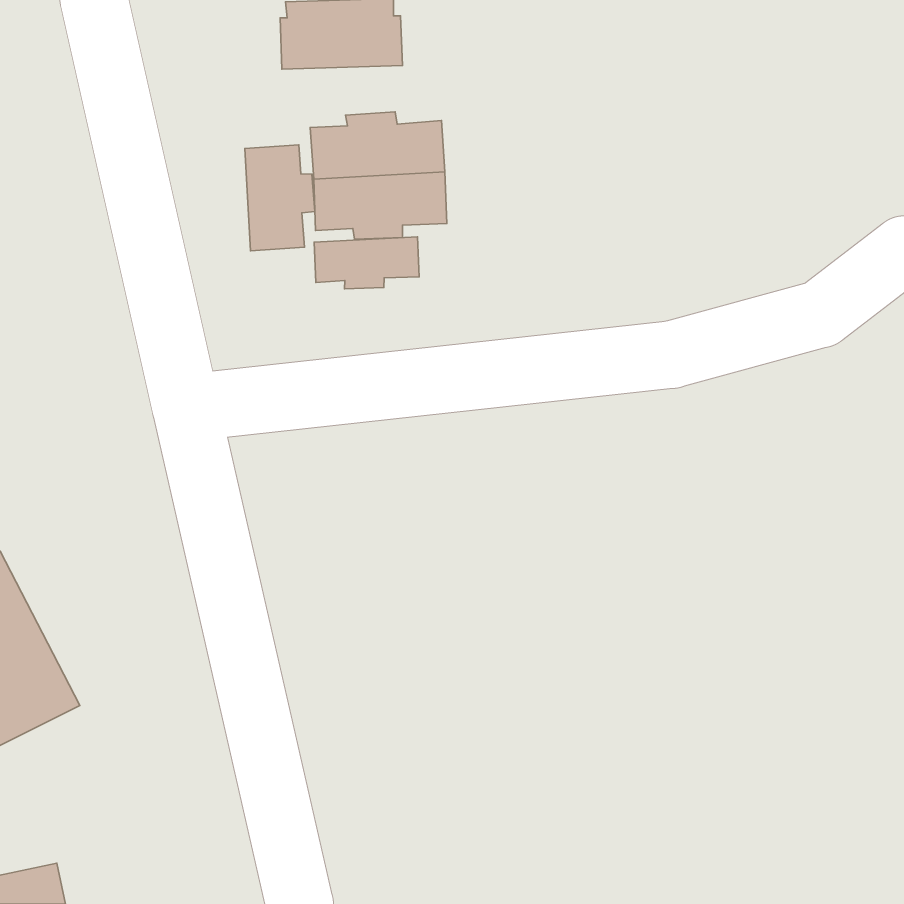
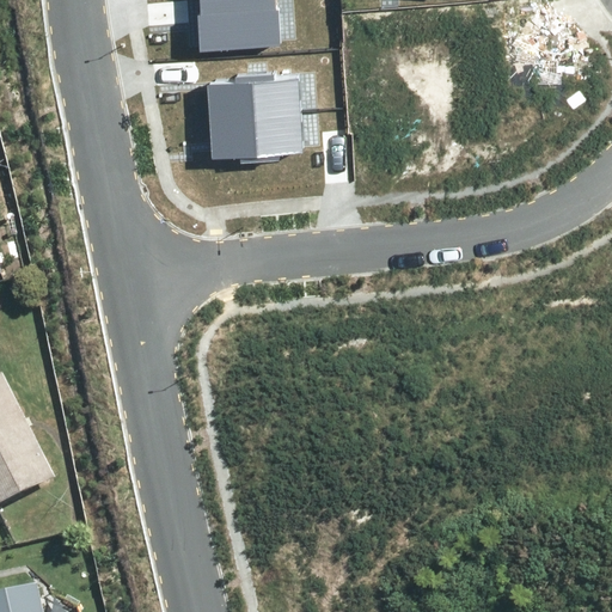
building: [245,145,315,251] -> none
building: [314,237,419,289] -> none

